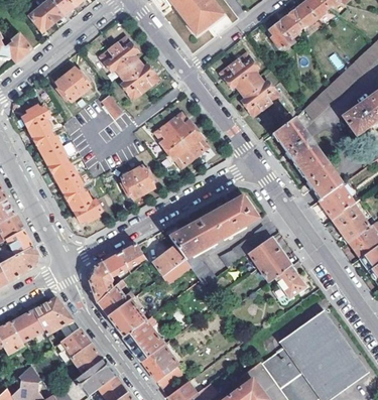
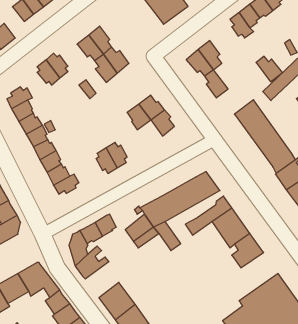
building: [251,78,280,106] -> [256,56,282,82]
building: [166,140,195,167] -> none
building: [109,300,146,338] -> none

